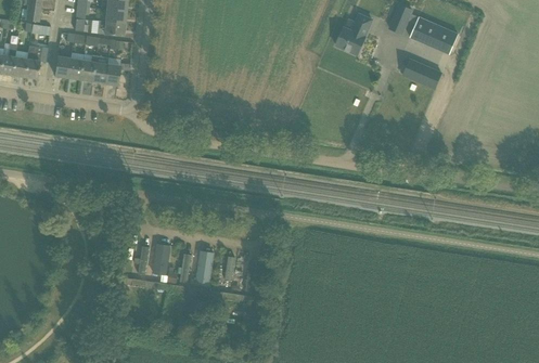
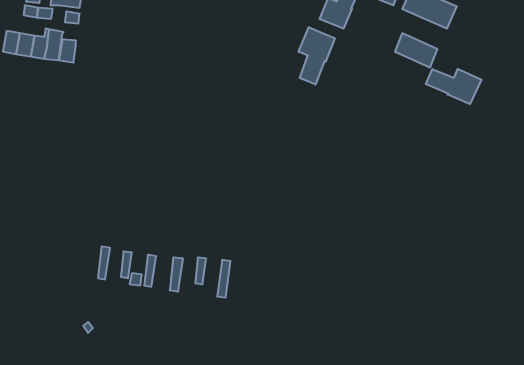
building: none -> [299,27,335,85]
building: none -> [426,69,481,104]

